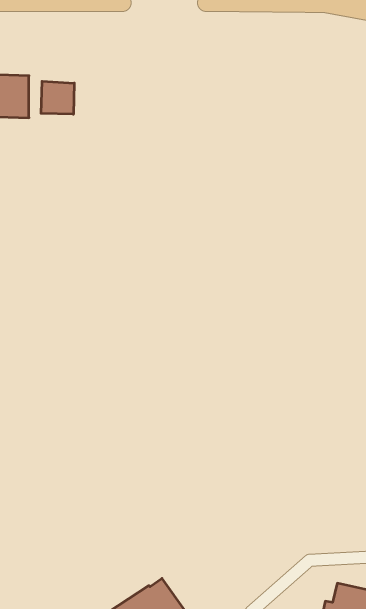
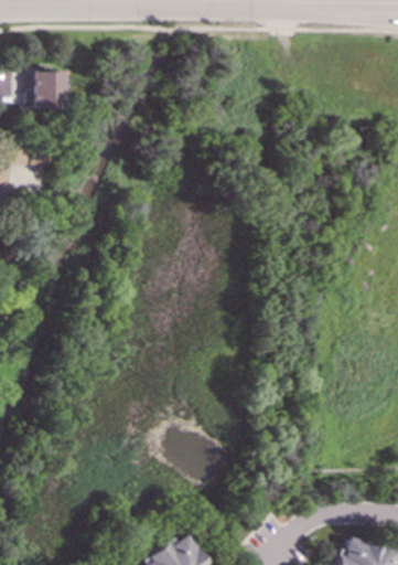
building: [41,81,74,114] -> none

